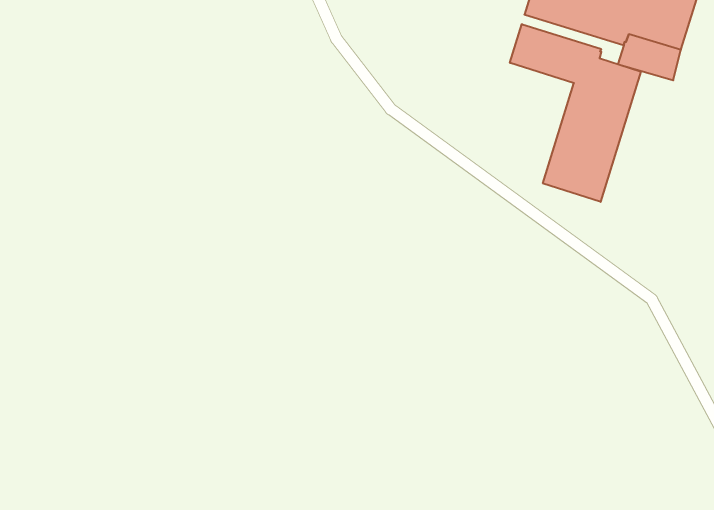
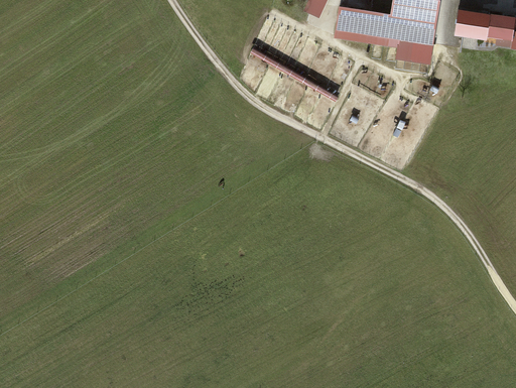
building: [510,24,641,202] -> none

